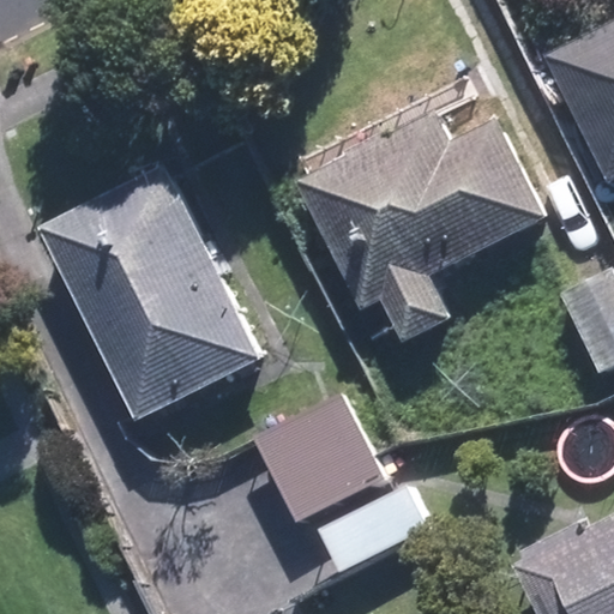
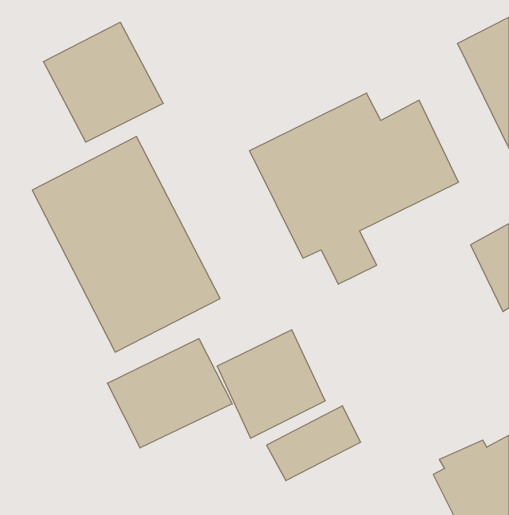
building: none -> [43,22,163,142]
building: none -> [107,339,232,448]

